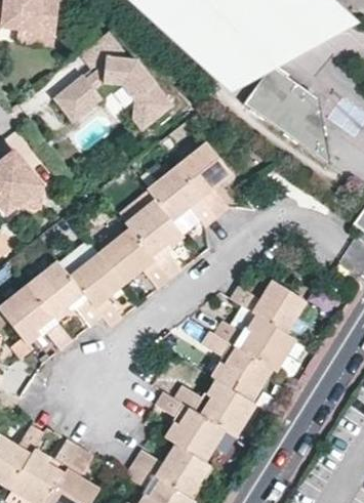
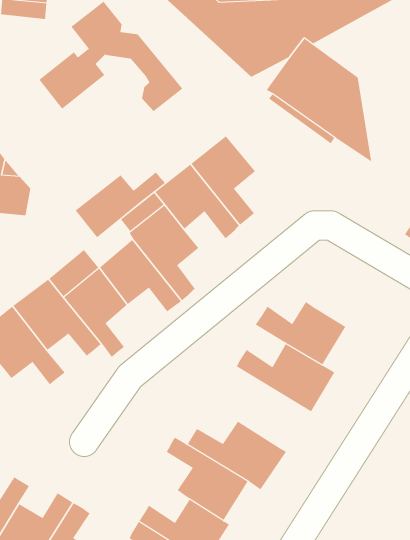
building: none -> [75,171,166,238]
building: [202,331,272,402] -> none

